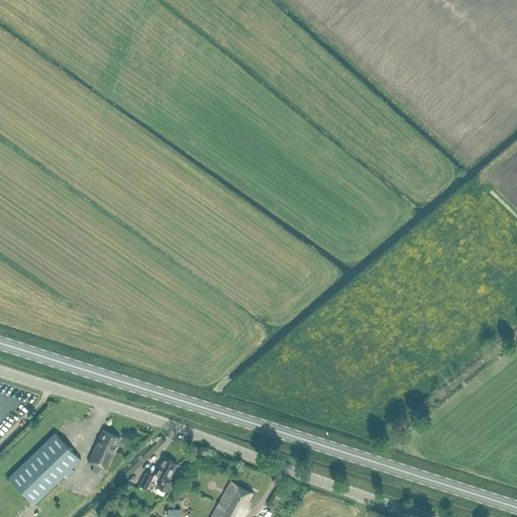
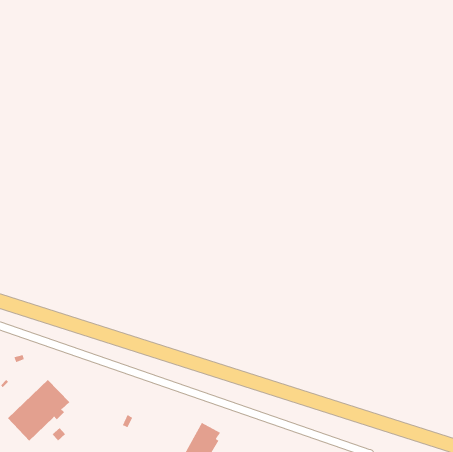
building: [87,430,119,471] -> none
building: [154,457,176,492] -> none

